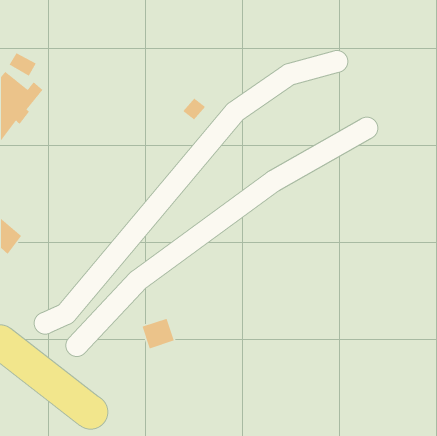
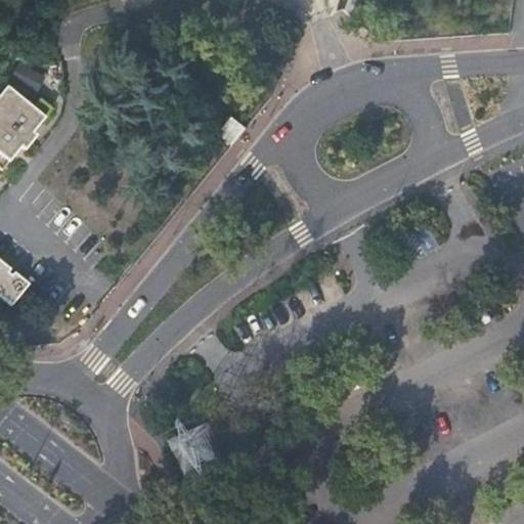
building: [142,318,175,349] -> [173,425,213,463]

